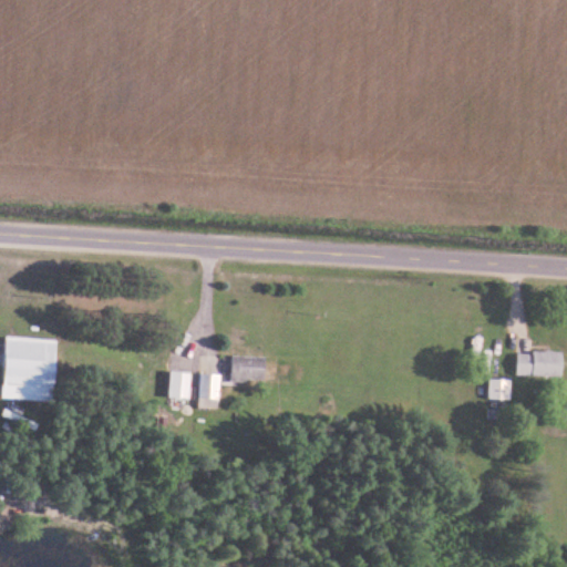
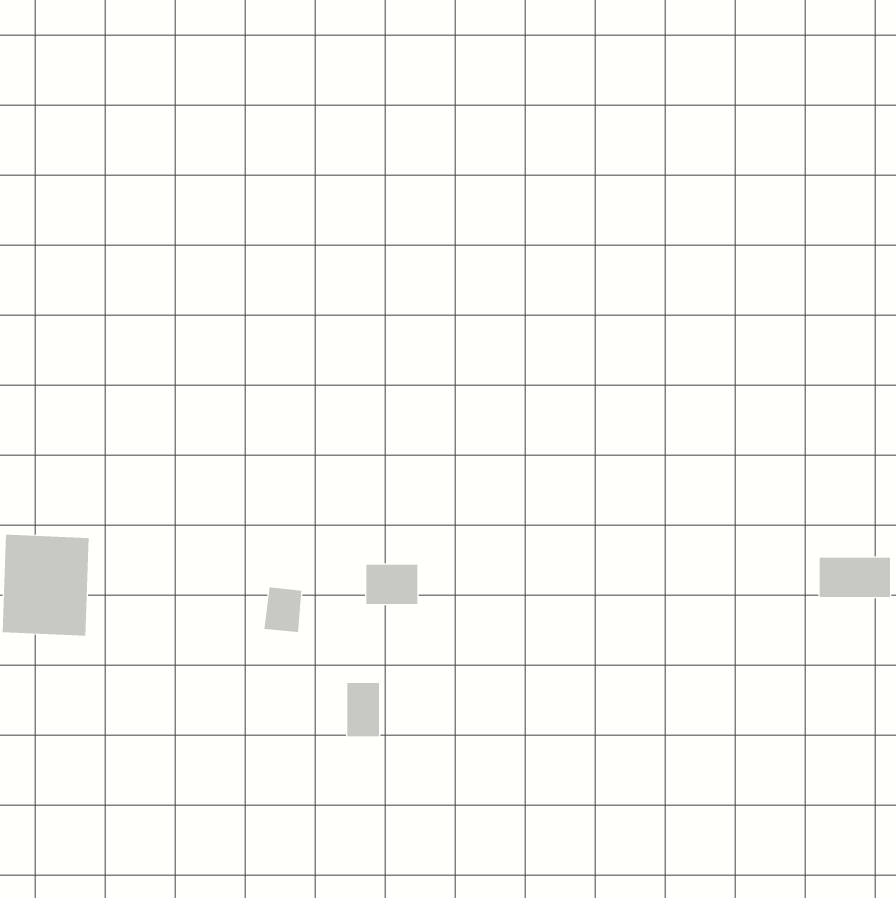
building: [198,373,219,408] -> [346,682,380,737]
building: [487,379,511,400] -> none

